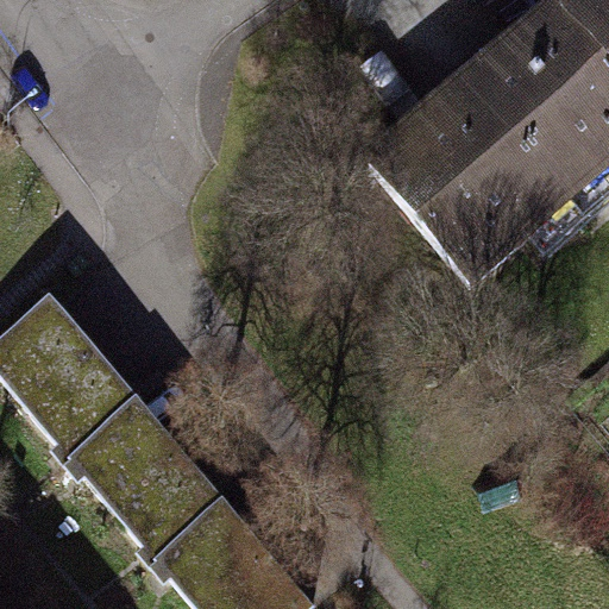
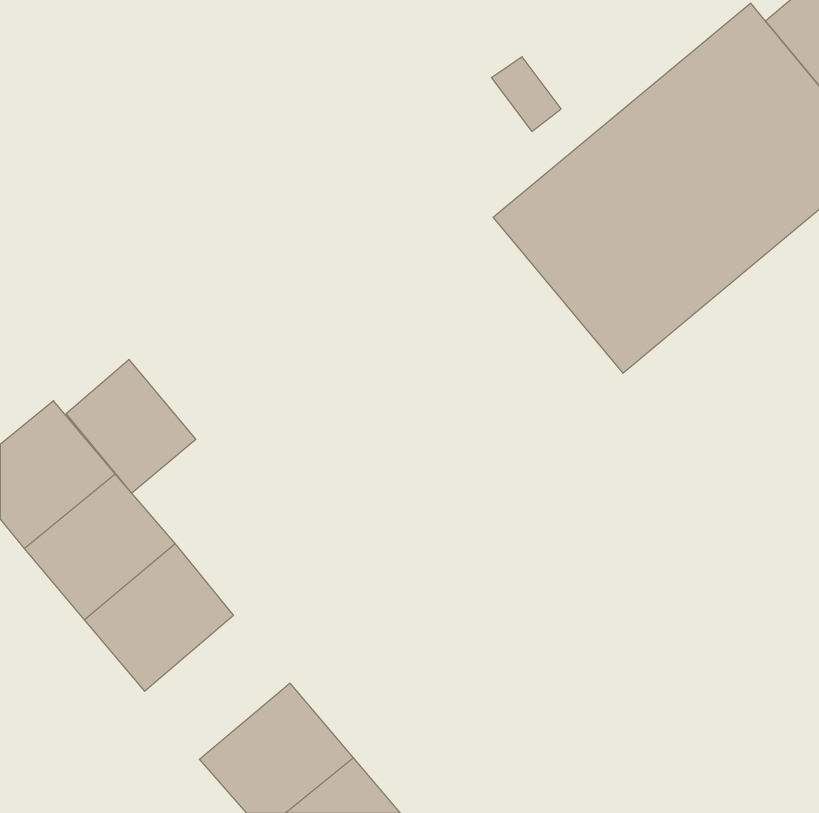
building: none -> [66,359,196,493]
building: [113,451,220,557] -> none

